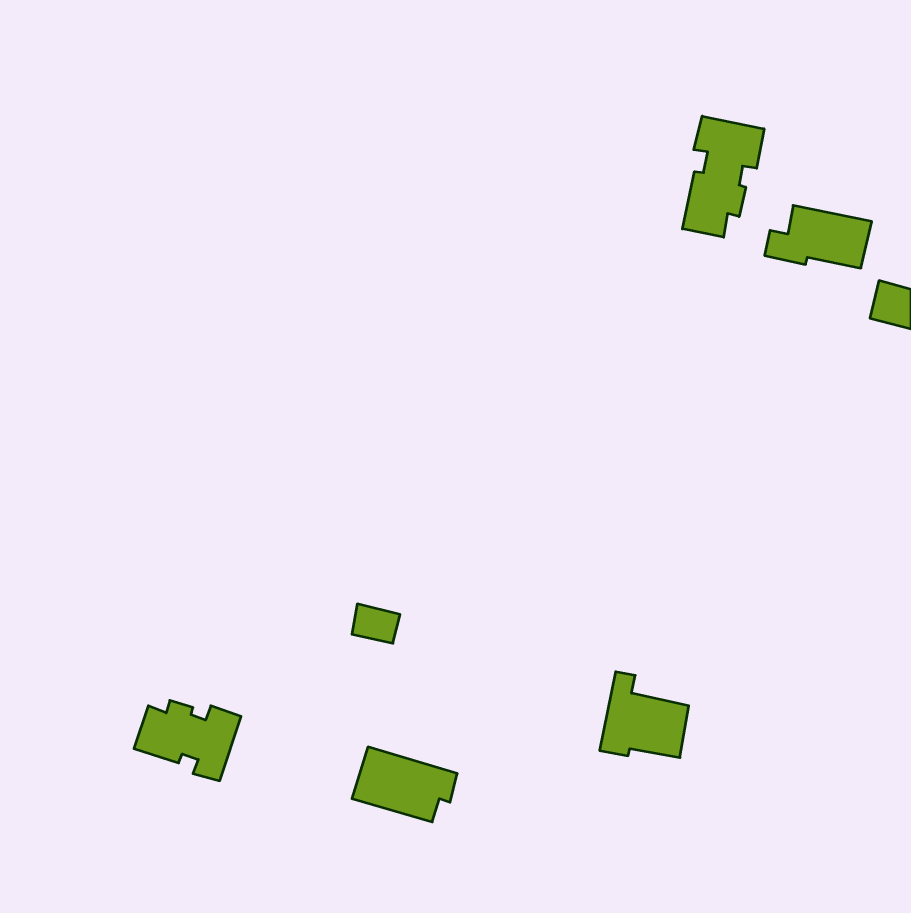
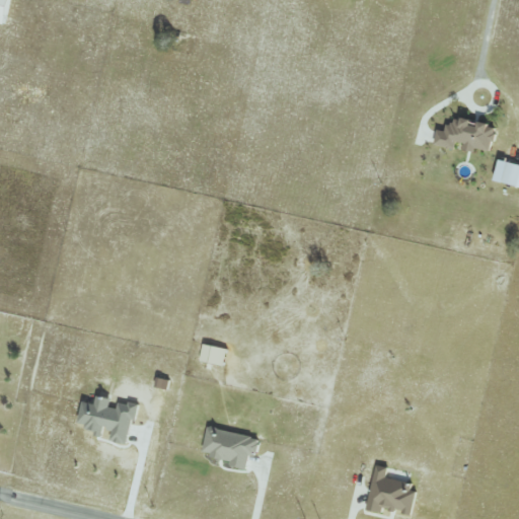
building: [682,116,764,237] -> none
building: [600,672,689,758] -> [366,465,417,514]

